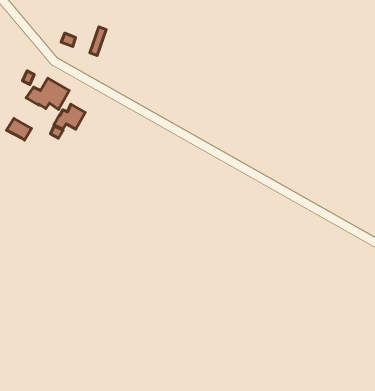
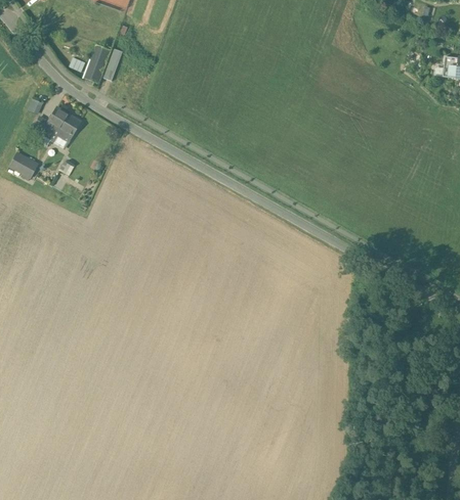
building: none -> [83,45,111,86]
building: [54,104,85,129] -> none

